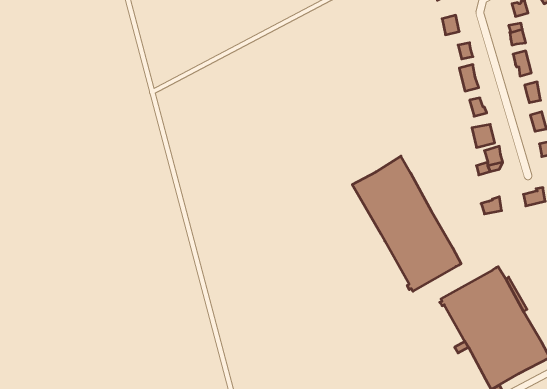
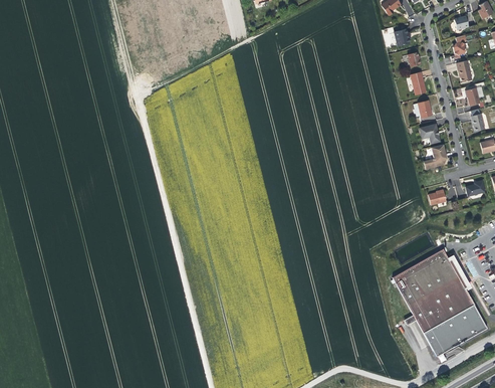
building: [352,156,461,291] -> none

